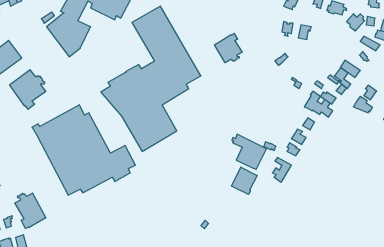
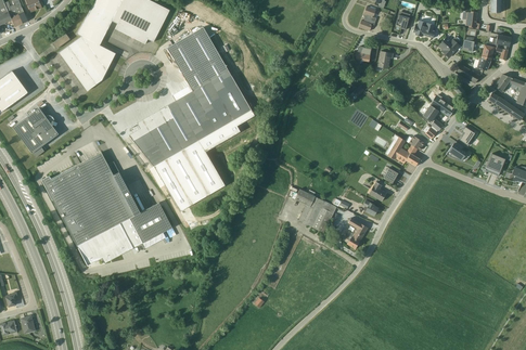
building: [215,33,242,63] -> none
building: [231,167,257,194] -> none
building: [15,193,46,229] -> none

